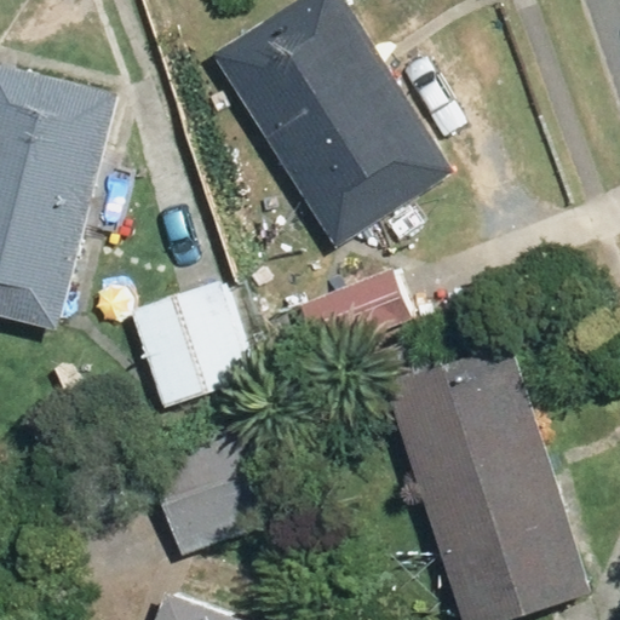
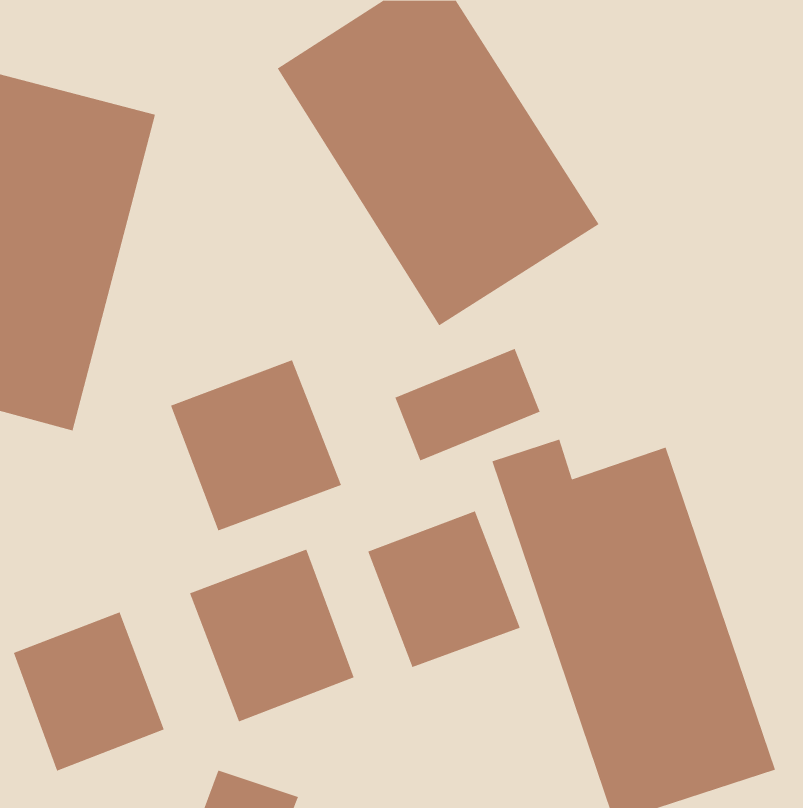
building: none -> [368,511,520,668]
building: none -> [13,612,165,771]

